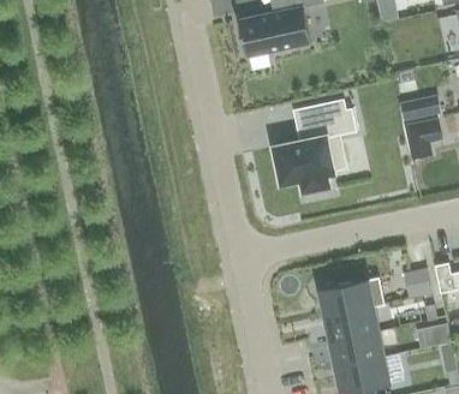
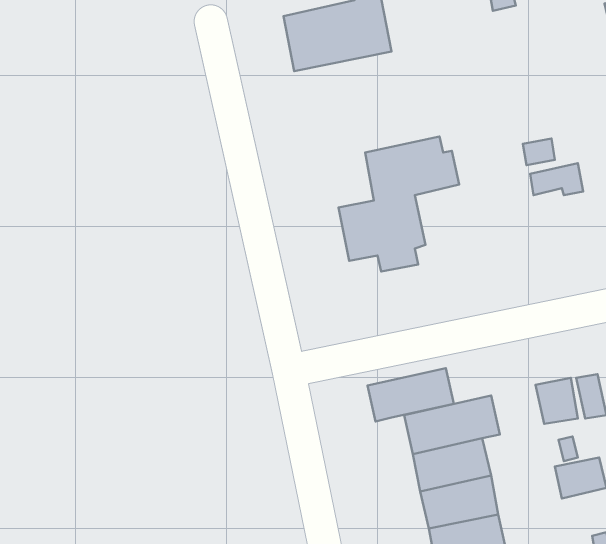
building: none -> [368,368,454,421]

